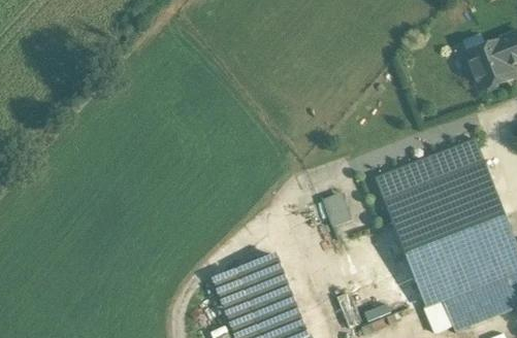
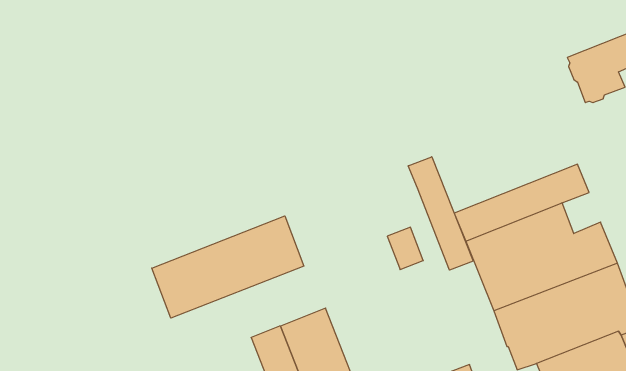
building: none -> [408,157,473,270]
building: [462,162,493,195] -> none
building: none -> [152,216,304,318]

